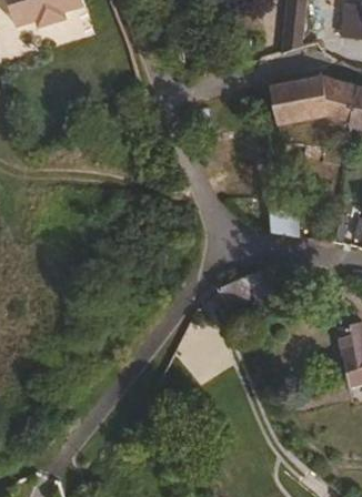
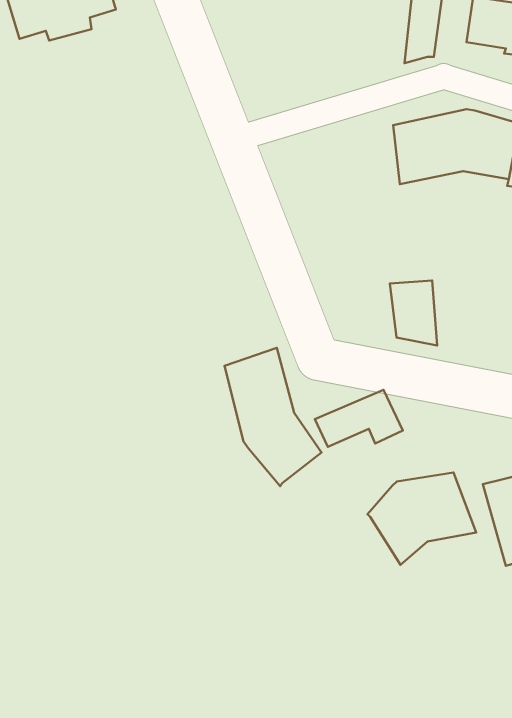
building: none -> [224,348,322,486]
building: none -> [368,473,476,565]

